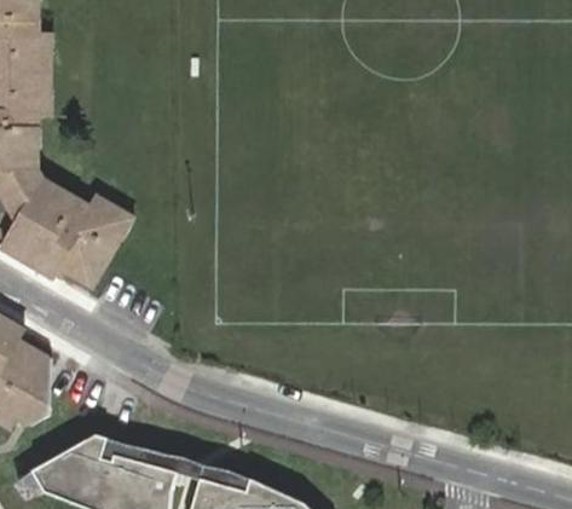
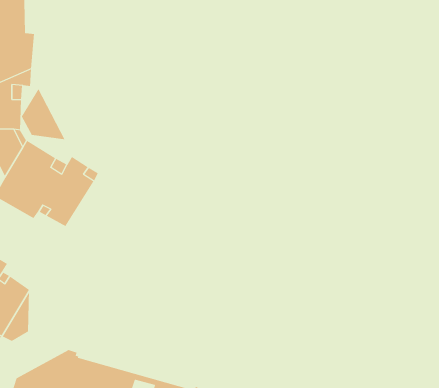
building: none -> [21,88,66,140]

